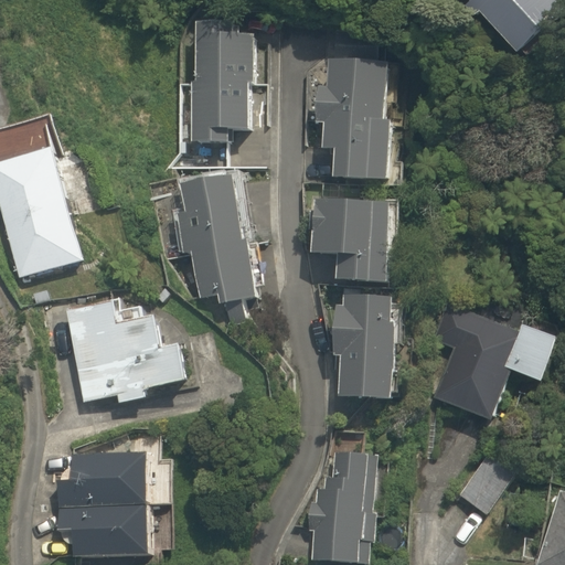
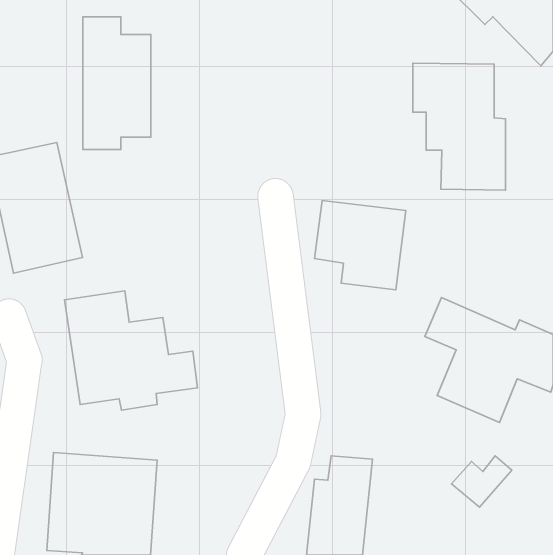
building: [185,10,253,141] -> [83,17,151,149]
building: [309,63,401,189] -> [413,63,505,190]
building: [174,174,253,306] -> none
building: [330,301,408,408] -> none

